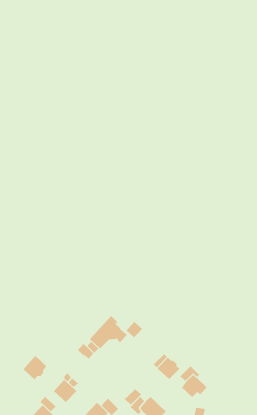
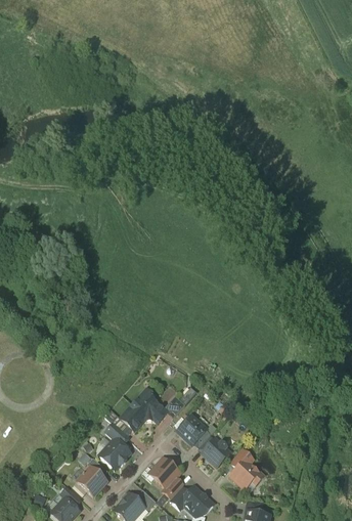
building: none -> [177,416,205,444]
building: [22,355,47,380] -> [99,438,129,468]
building: none -> [148,458,179,487]

